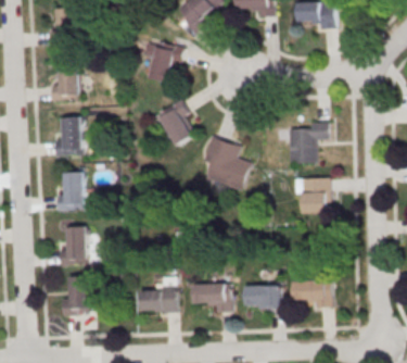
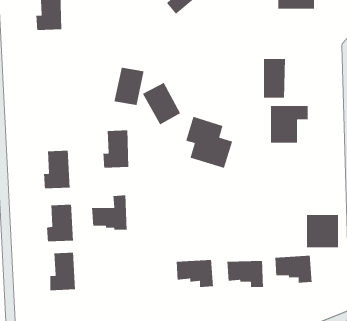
building: [150,42,181,83] -> [114,67,144,106]
building: [52,62,79,102] -> none
building: none -> [263,58,286,98]
building: [54,116,81,157] -> [103,129,129,169]
building: [297,178,331,213] -> [306,214,339,248]
building: [140,277,177,314] -> [91,195,127,231]

